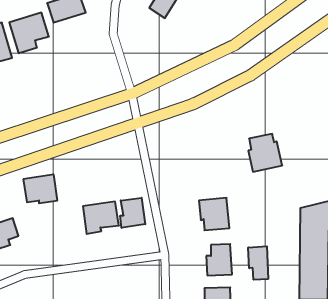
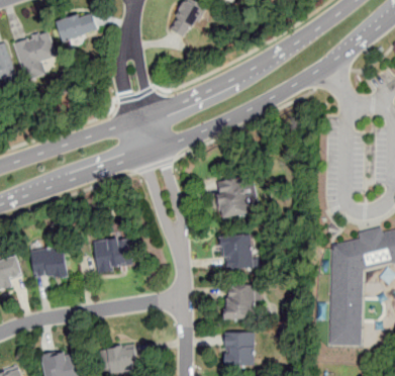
building: [248,134,282,172] -> [218,177,256,218]
building: [23,175,57,203] -> [30,247,68,278]
building: [120,198,145,228] -> none
building: [248,246,268,280] -> none

